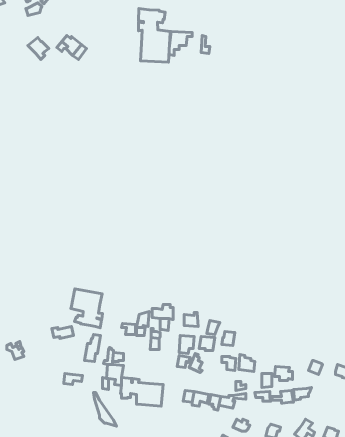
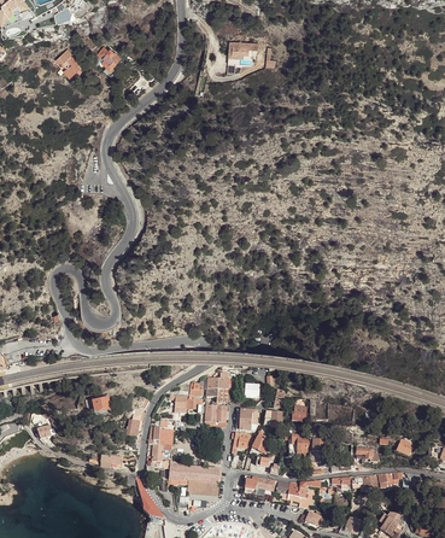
building: [138,9,170,62] -> none
building: [71,289,102,328] -> none

